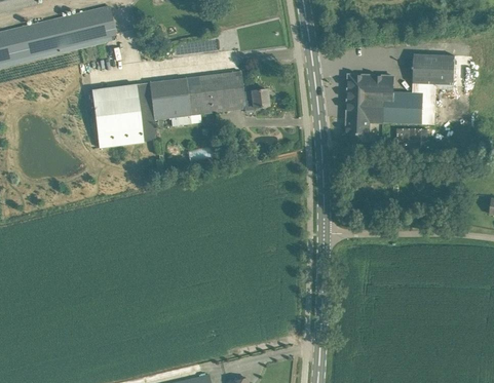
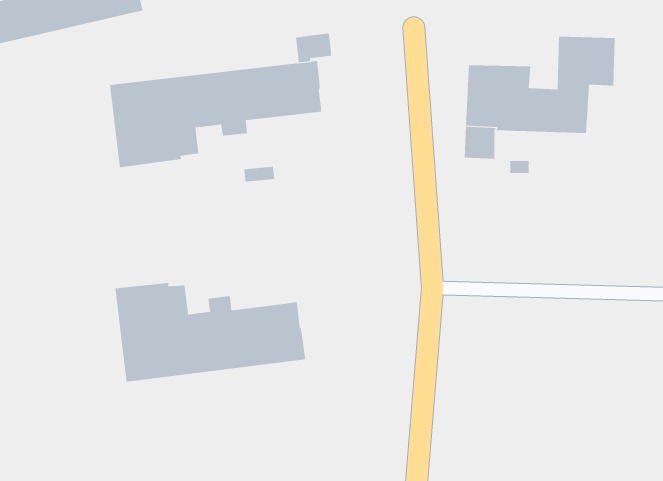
building: [241,88,268,110] -> [295,33,332,63]
building: none -> [115,282,306,382]

